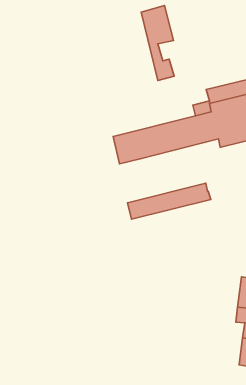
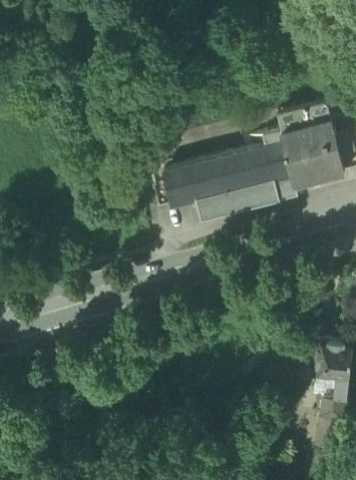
building: [141,6,174,80] -> none
building: [127,183,211,219] -> [197,175,298,219]

